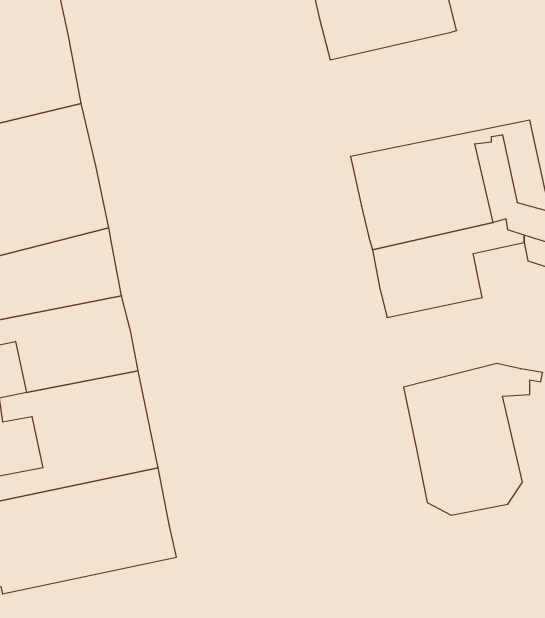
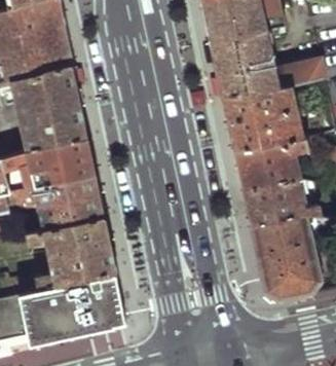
building: none -> [212,28,324,98]
building: none -> [244,177,319,227]

